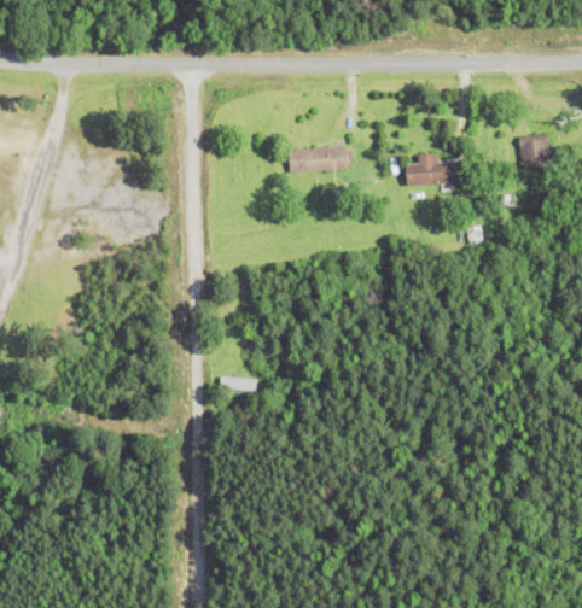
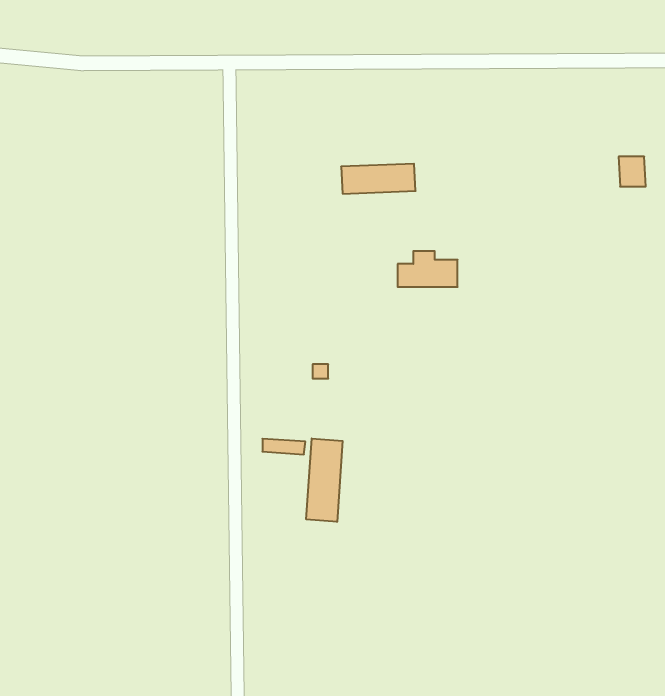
building: [406,153,456,183] -> [398,251,458,287]
building: none -> [306,438,343,522]

